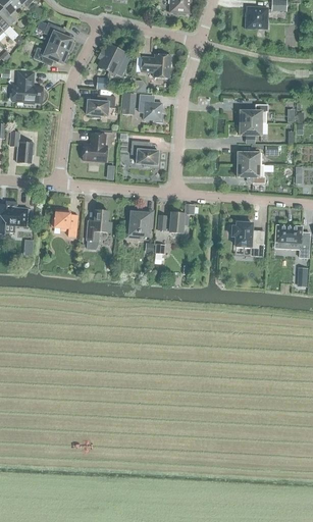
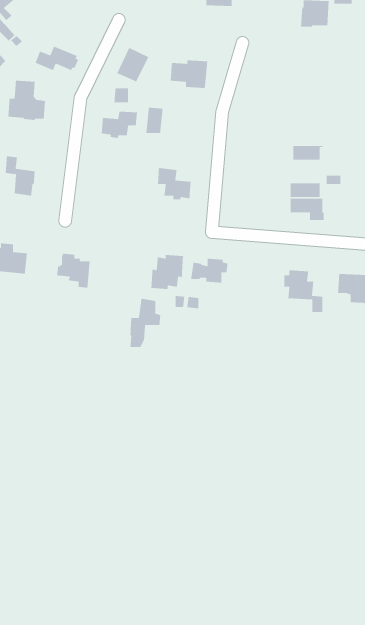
building: [43,21,73,51] -> none
building: [139,101,162,121] -> none
building: [239,104,267,122] -> none
building: [82,133,107,161] -> none
building: [86,209,111,249] -> [129,298,161,348]

